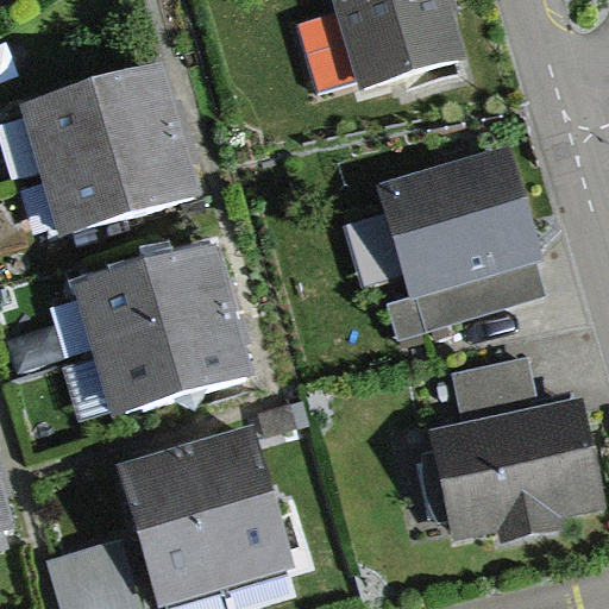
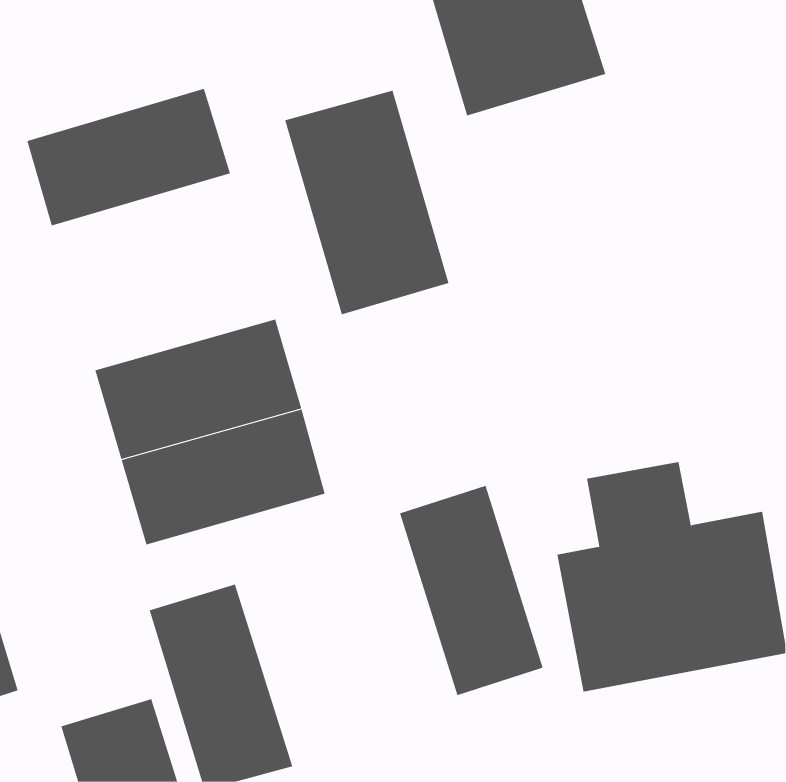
building: none -> [284,90,449,315]
building: [39,133,197,239] -> none
building: [375,142,545,341] -> none
building: [181,427,291,589] -> [399,485,543,696]

